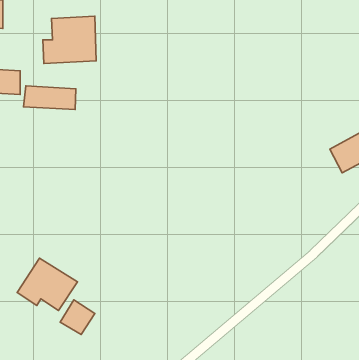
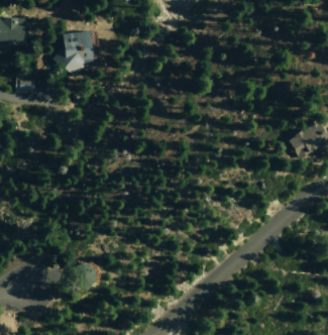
building: [23,86,76,109] -> none
building: [17,258,77,310] -> none

